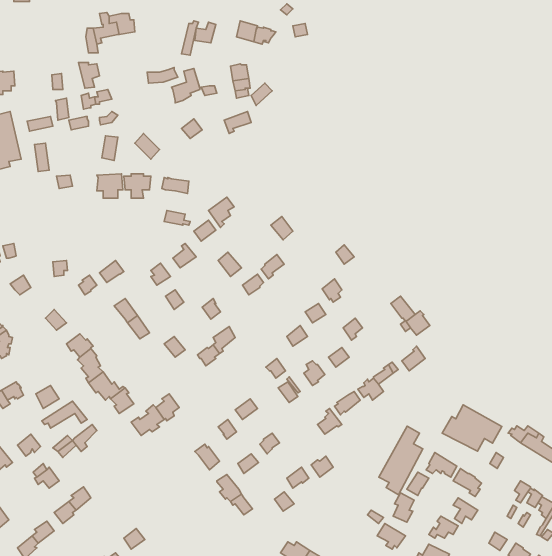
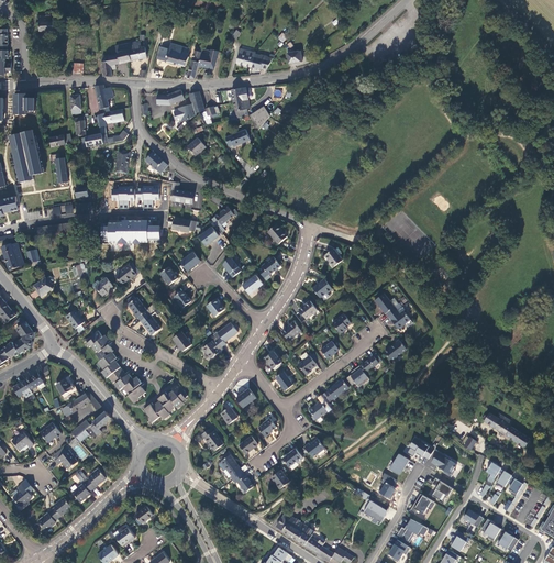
building: none -> [156,44,189,67]
building: none -> [106,220,160,243]
building: [442,405,502,451] -> none
building: [379,426,423,495] -> none

